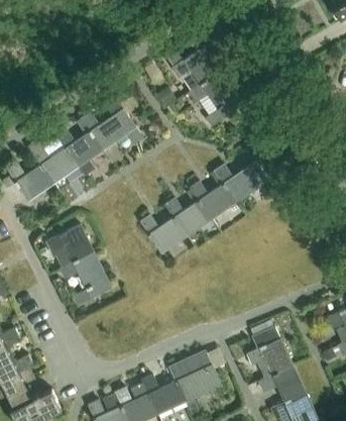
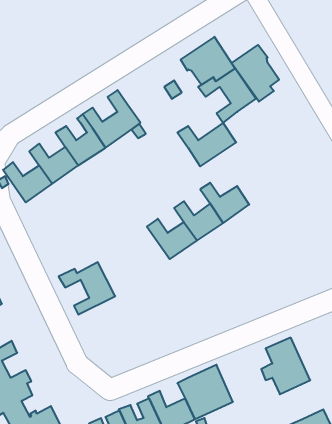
building: none -> [232,45,279,102]
building: [214,162,268,202] -> [177,123,236,166]
building: [46,225,95,269] -> none
building: [257,364,304,401] -> none

